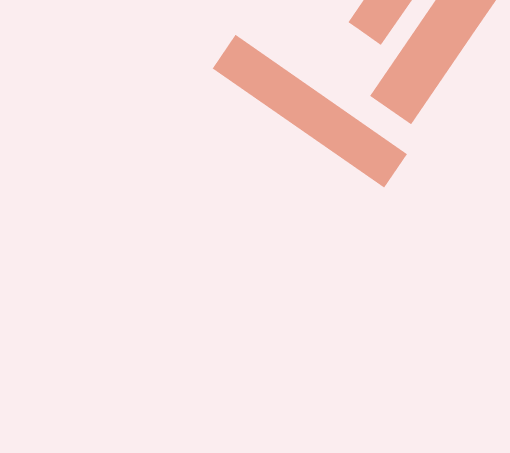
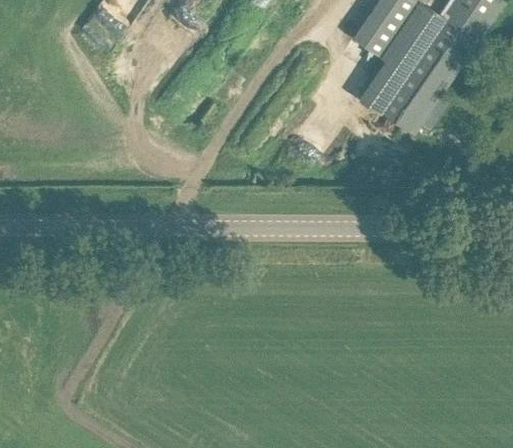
building: [212,34,408,188] -> none

